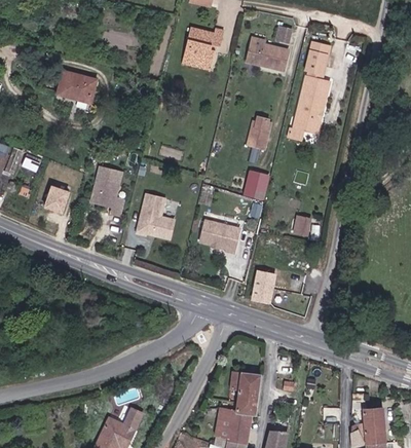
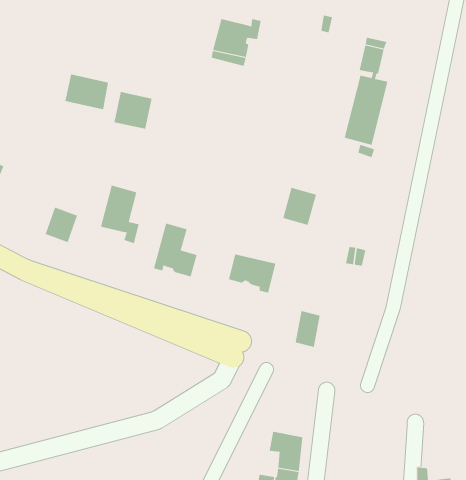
building: [245,33,286,66] -> none
building: none -> [114,91,152,130]
building: [249,113,270,145] -> none

